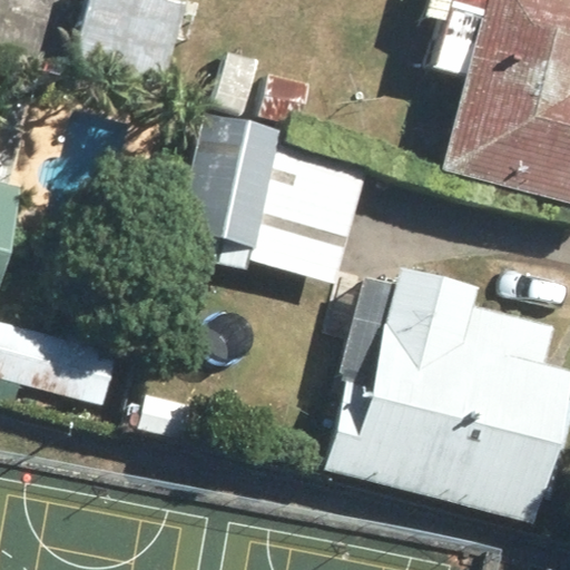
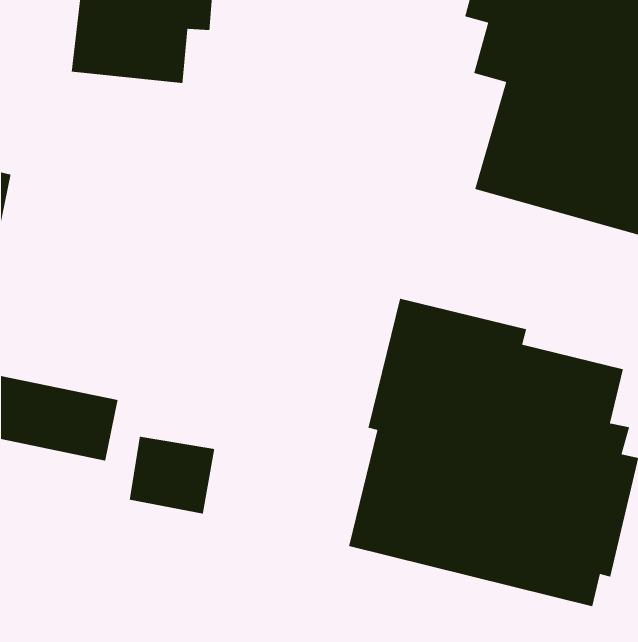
building: [183,116,362,278] -> none

